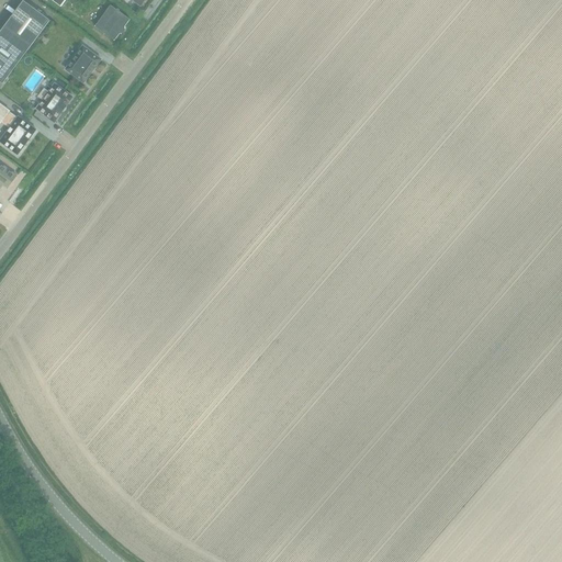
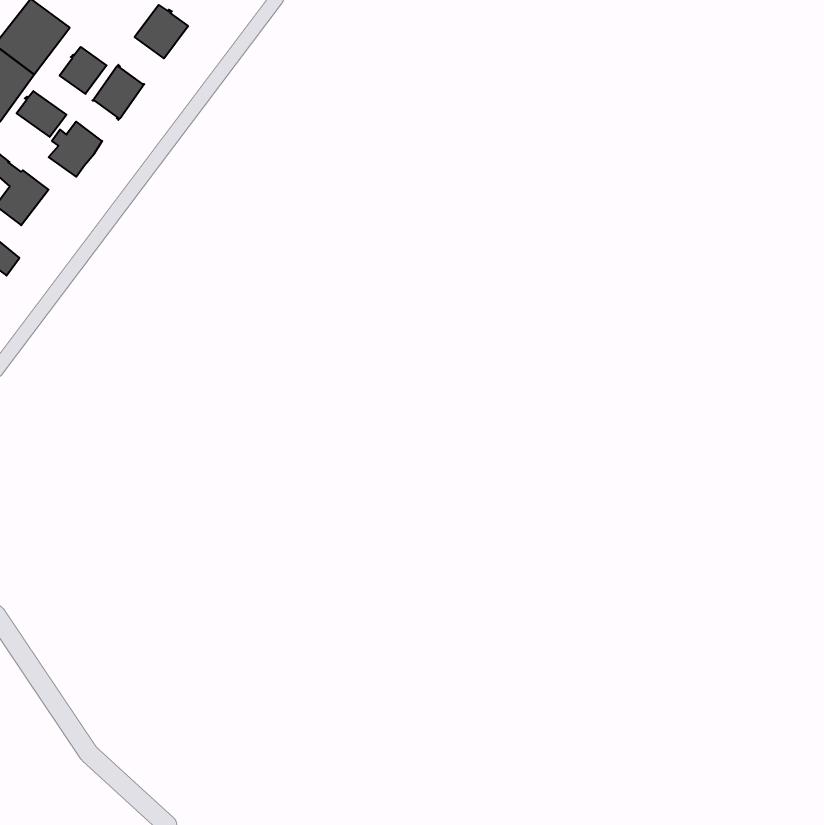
building: none -> [60,47,107,94]
building: none -> [17,91,66,137]

